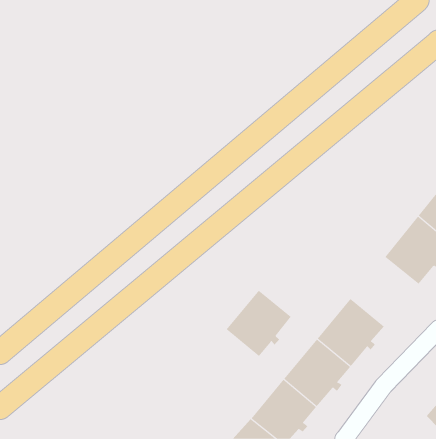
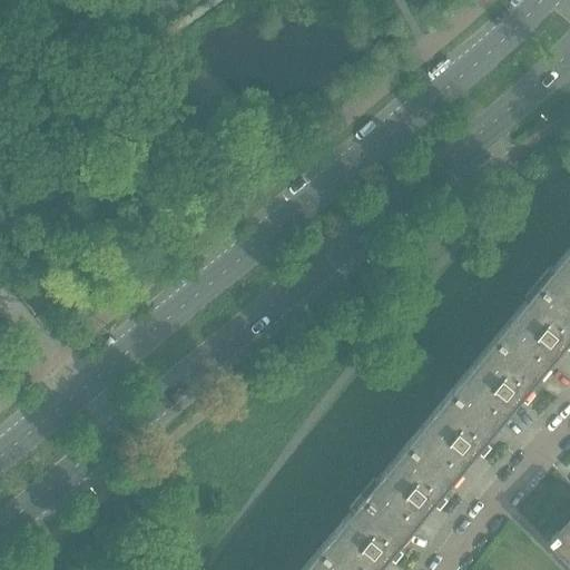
building: none -> [458,333,547,423]
building: [226,290,292,357] -> none

